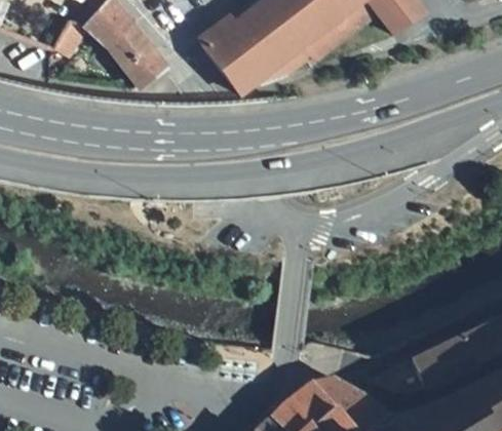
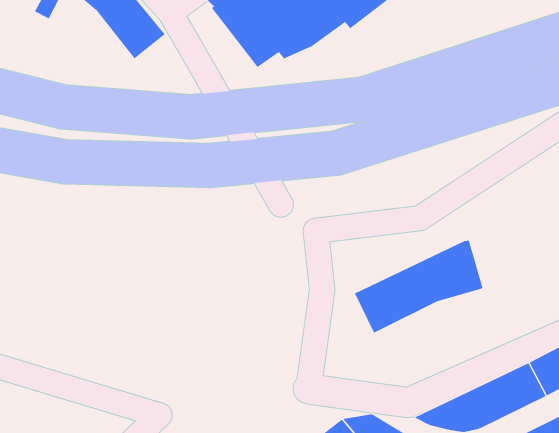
building: none -> [354,240,483,333]

